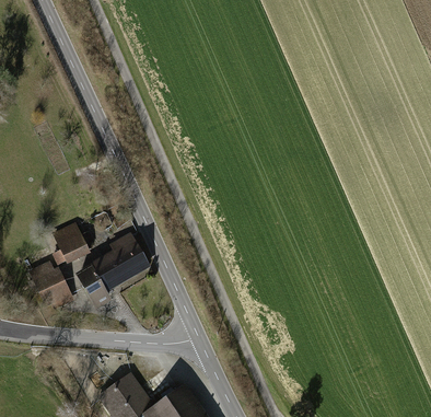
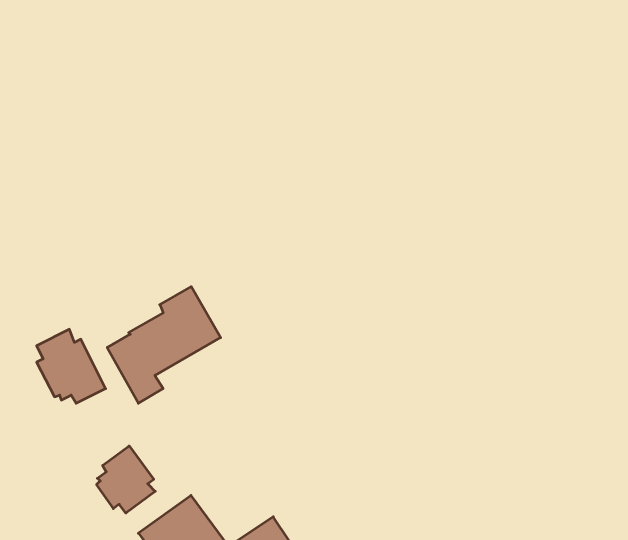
building: [50,223,89,265] -> none
building: none -> [97,446,155,513]

